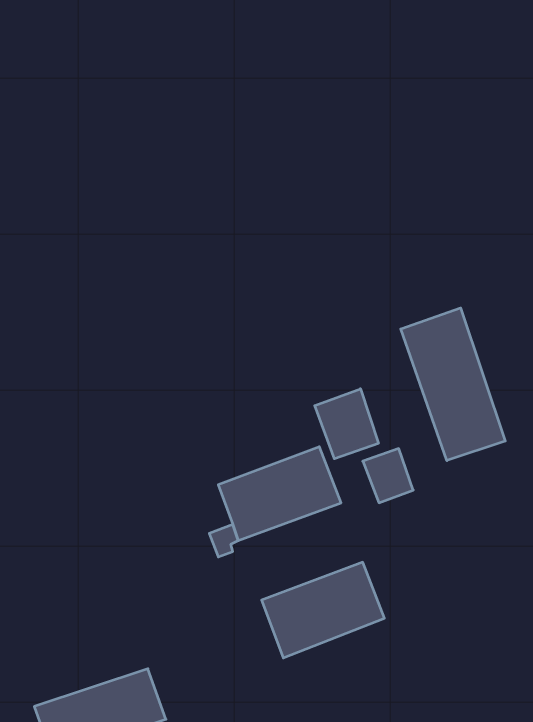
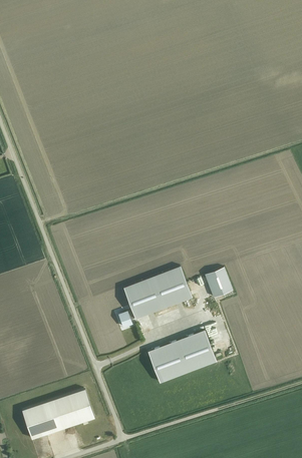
building: [401,308,505,461] -> none
building: [315,389,378,459] -> none

